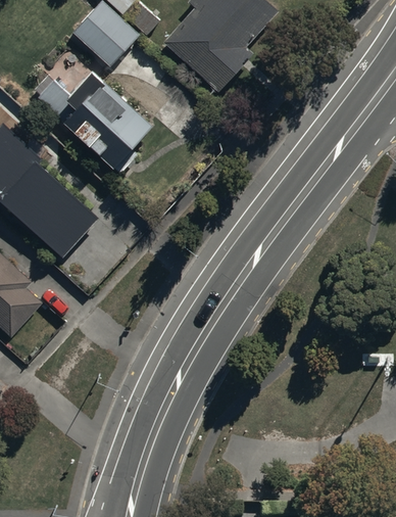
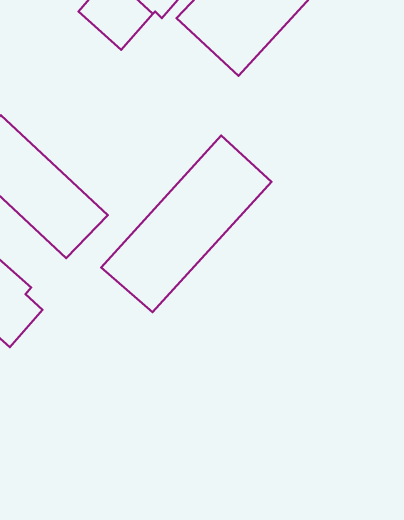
building: [34,75,152,173] -> none
building: none -> [101,136,271,312]

